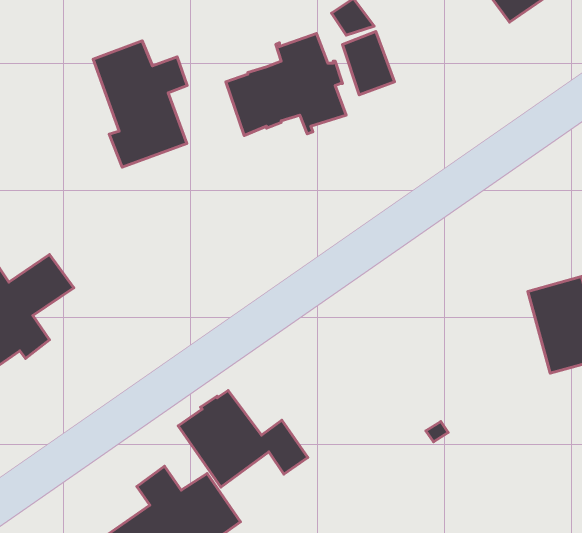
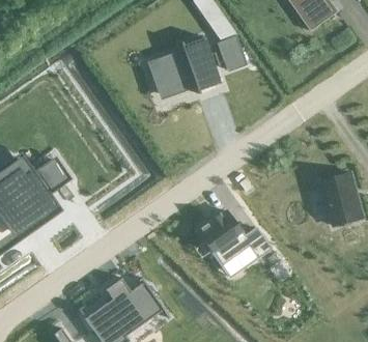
building: [93,41,187,167] -> none
building: [178,391,308,487] -> [197,210,270,264]

